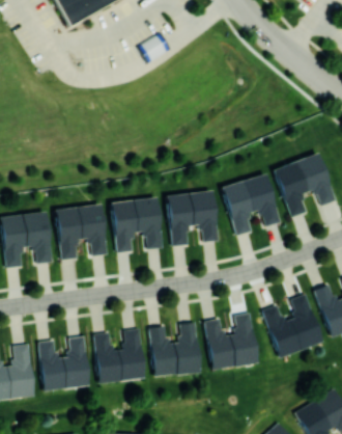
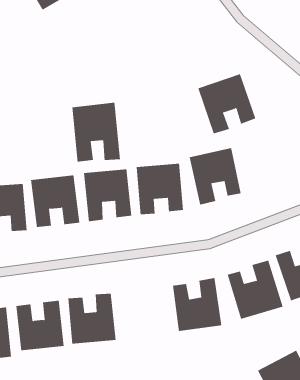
building: none -> [72,102,121,163]
building: [274,152,336,216] -> [198,74,256,134]
building: [149,321,201,376] -> none

